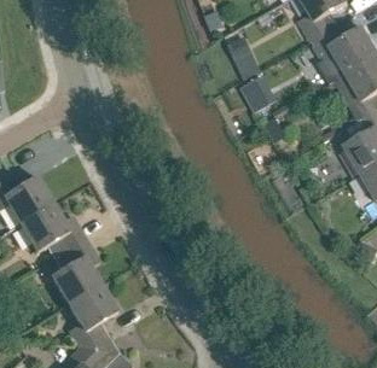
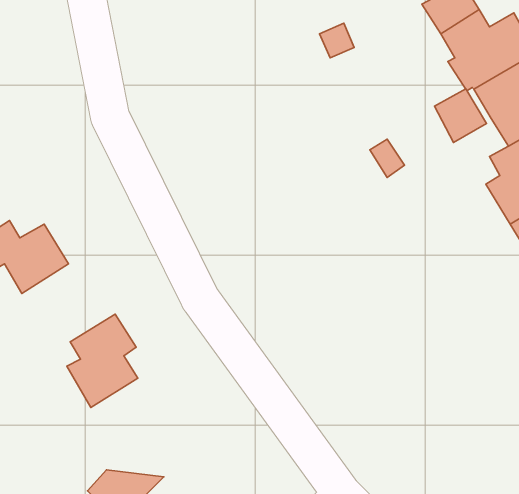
building: [240,75,277,112] -> [435,89,487,143]
building: [19,203,85,257] -> none
building: [68,282,118,351] -> none

